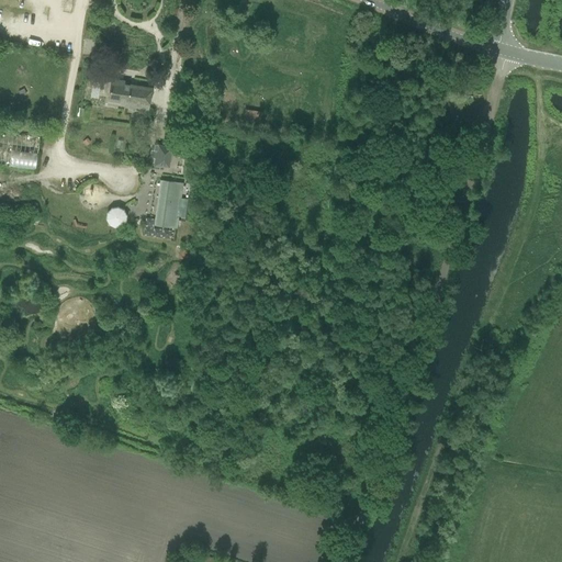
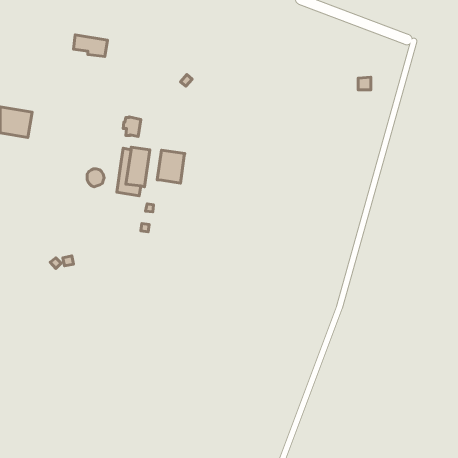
building: [111,81,153,108] -> [73,35,108,56]
building: none -> [157,150,185,183]

